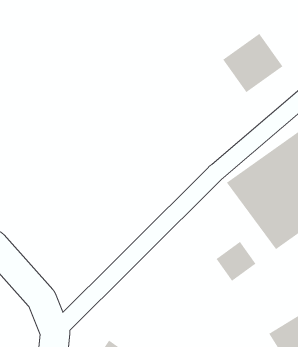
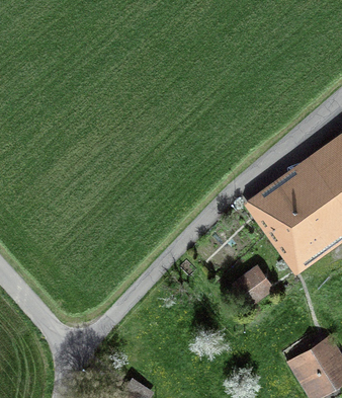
building: [222,33,284,93] -> none

